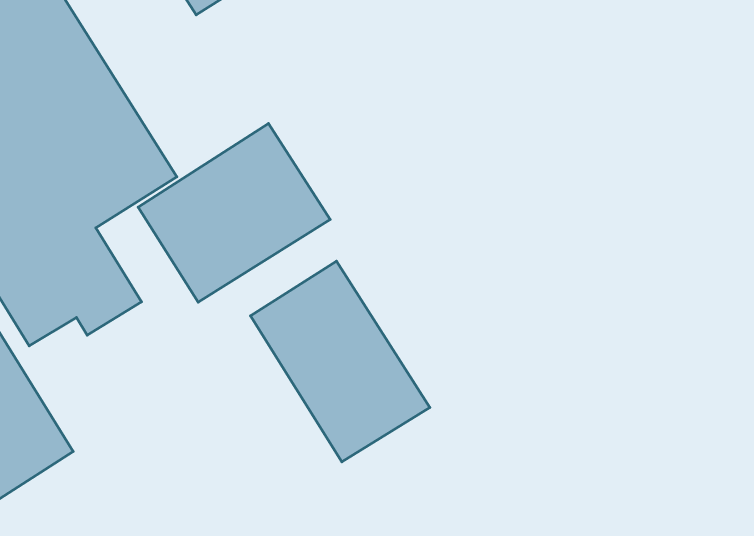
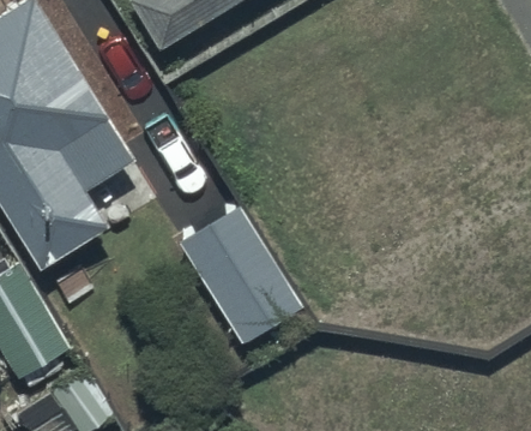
building: [138,124,330,302] -> none

